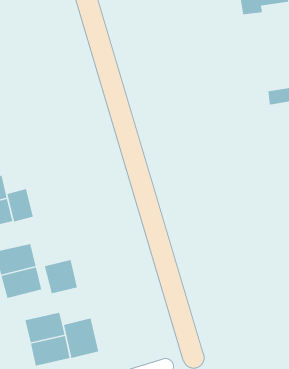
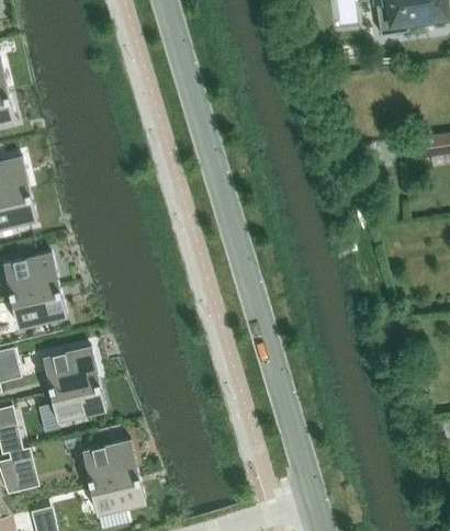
building: [7,188,34,223] -> none
building: [44,259,78,294] -> none
building: [63,318,99,359] -> none

